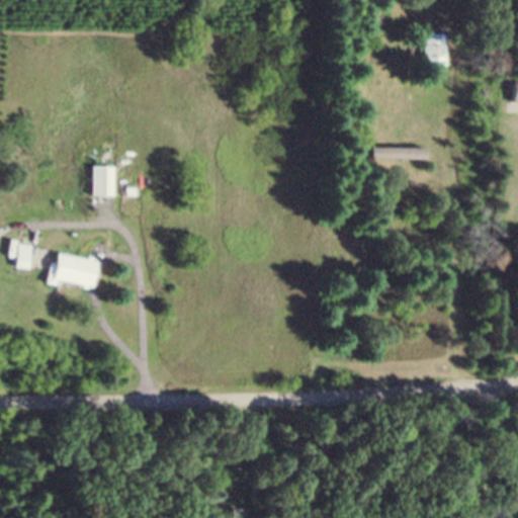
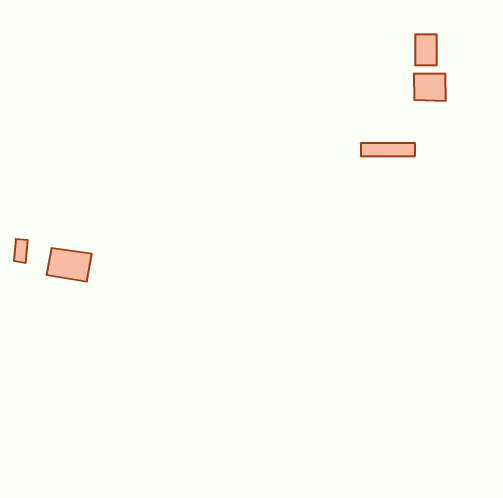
building: none -> [414,74,445,101]
building: [93,166,115,196] -> none

